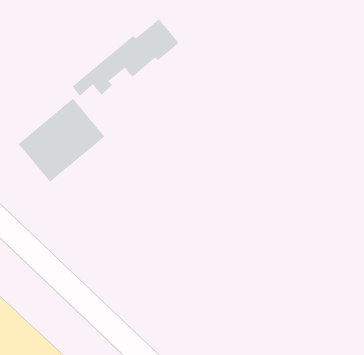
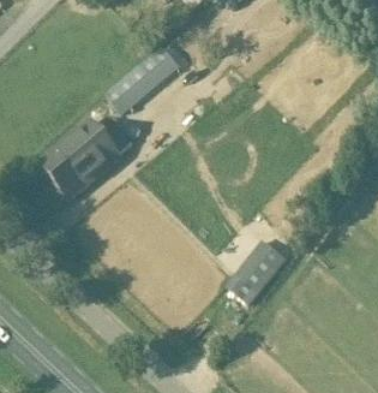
building: none -> [223,233,286,300]

